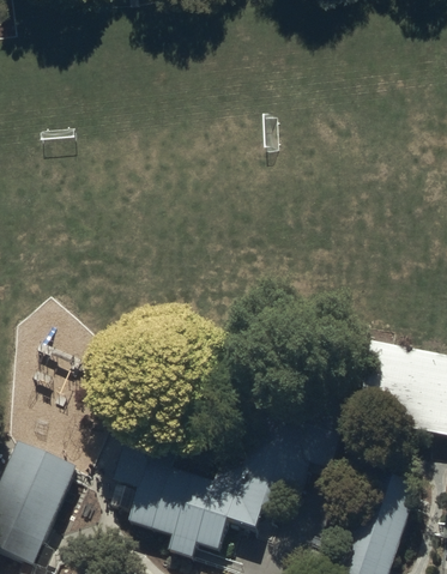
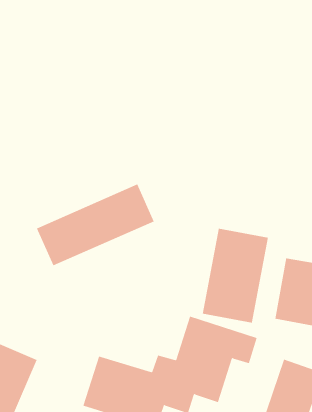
building: none -> [36,184,154,266]
building: none -> [202,228,268,324]

